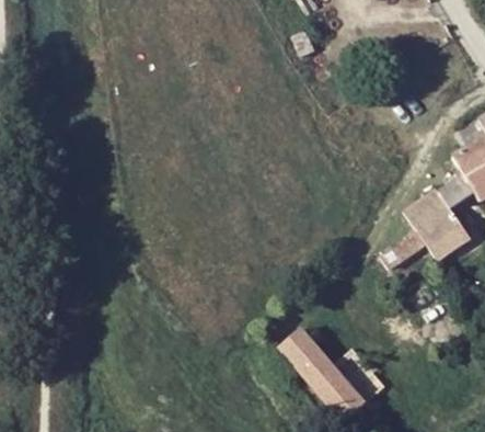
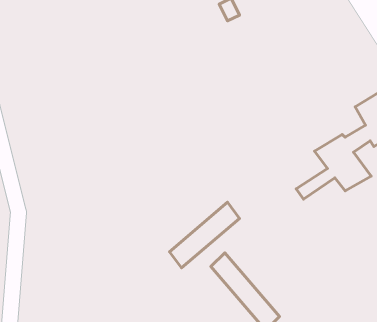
building: none -> [169,202,240,268]

